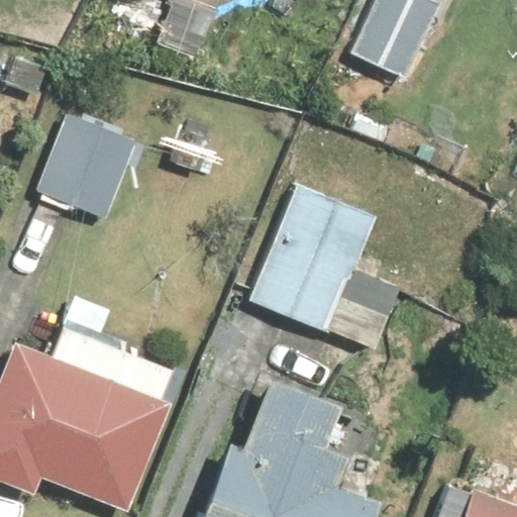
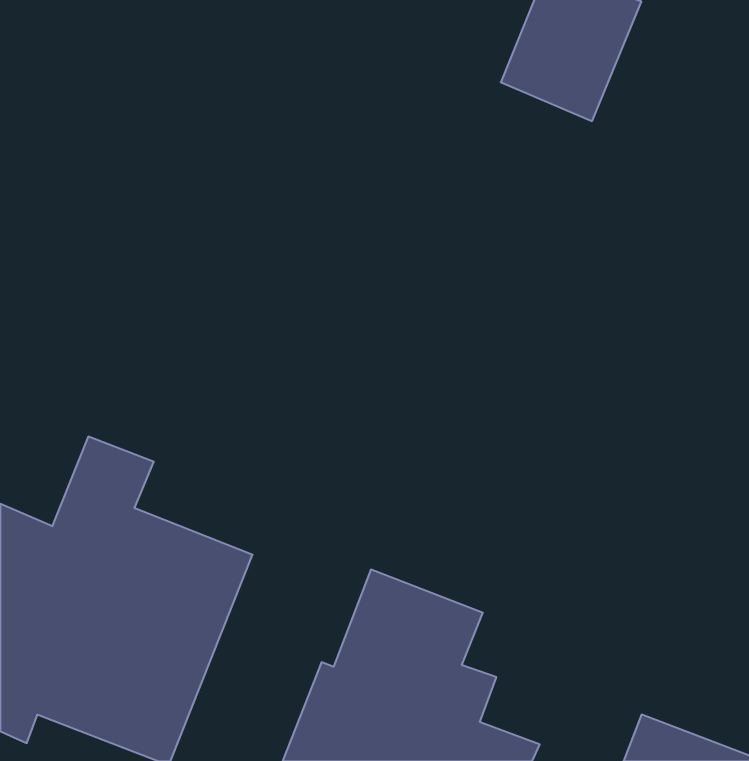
building: [34,108,140,221] -> none
building: [245,182,398,356] -> none

